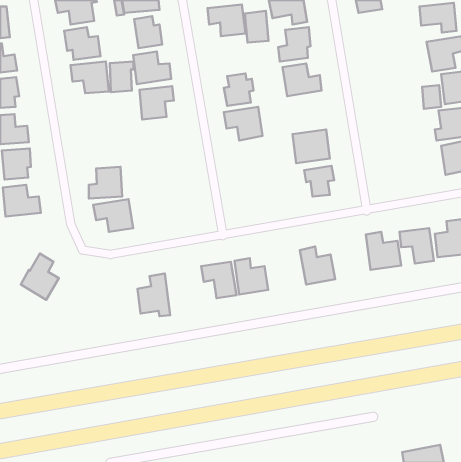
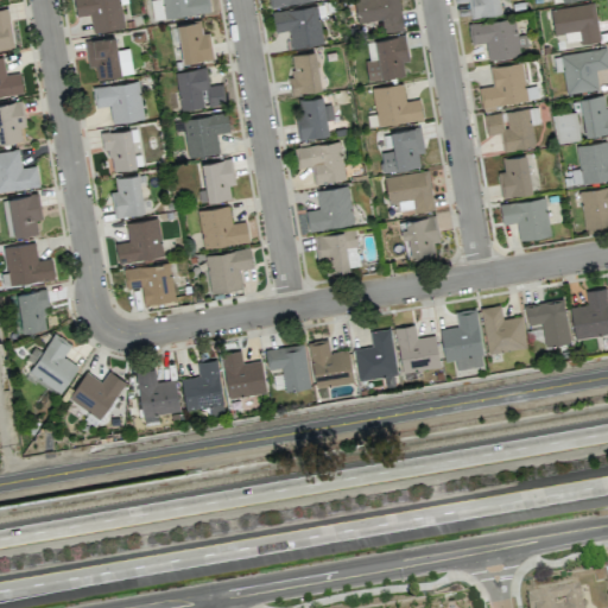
building: [245,11,268,43] -> [291,52,322,94]
building: none -> [469,19,528,61]
building: none -> [481,63,530,108]
building: [110,61,134,92] -> [108,131,139,171]
building: none -> [486,108,542,151]
building: none -> [381,127,426,173]
building: none -> [499,156,534,198]
building: none -> [203,160,235,202]
building: none -> [112,175,146,217]
building: none -> [308,186,355,230]
building: none -> [500,197,552,241]
building: none -> [200,207,251,249]
building: none -> [316,230,359,274]
building: none -> [207,249,254,293]
building: none -> [19,290,50,332]
building: none -> [442,310,484,369]
building: none -> [355,329,399,381]
building: none -> [222,350,267,399]
building: none -> [138,370,182,426]
building: none -> [69,372,127,420]

